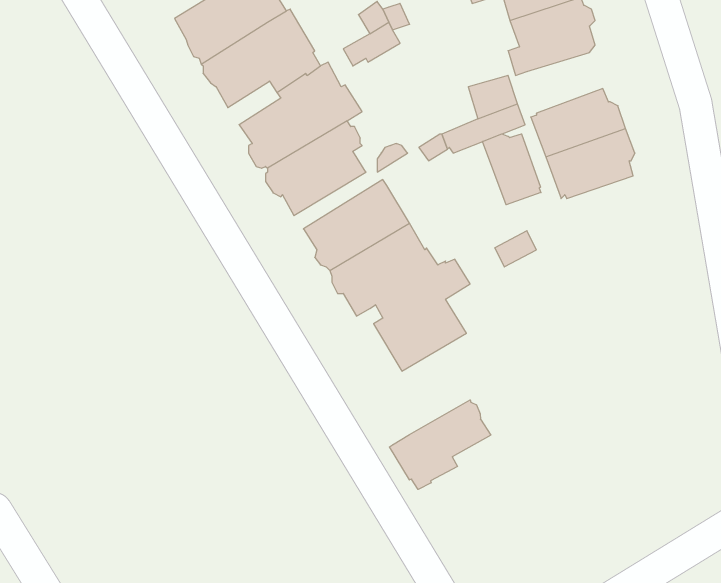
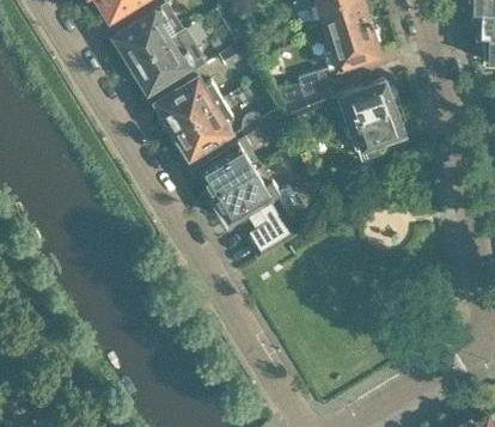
building: [483,134,541,205] -> none
building: [389,400,491,489] -> none

